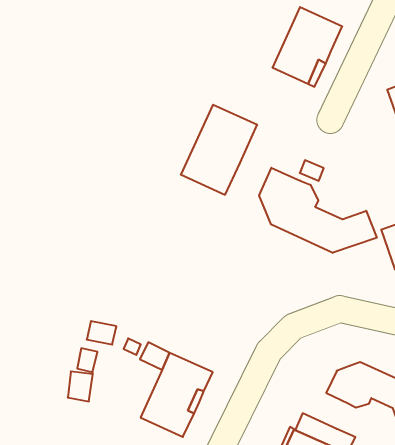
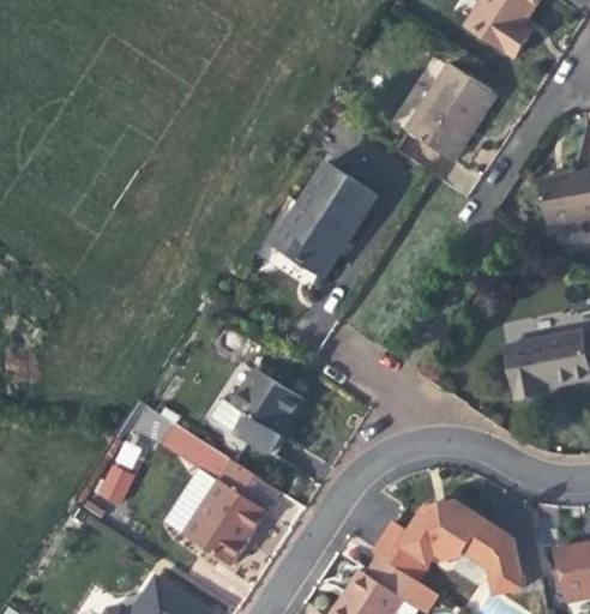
building: [259,168,377,253] -> none
building: none -> [227,366,301,452]
building: none -> [375,525,435,582]

